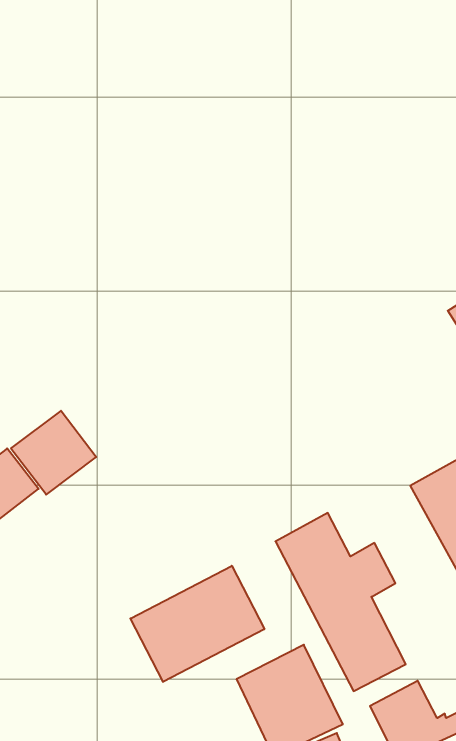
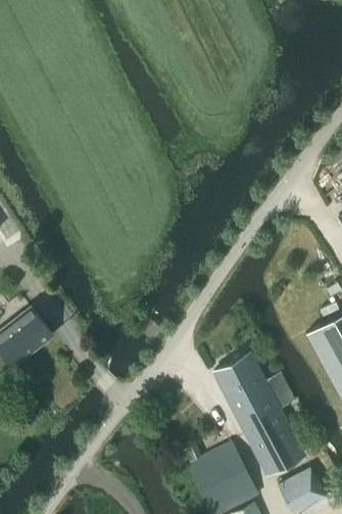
building: [11,411,96,495] -> none
building: [130,566,264,682] -> none

